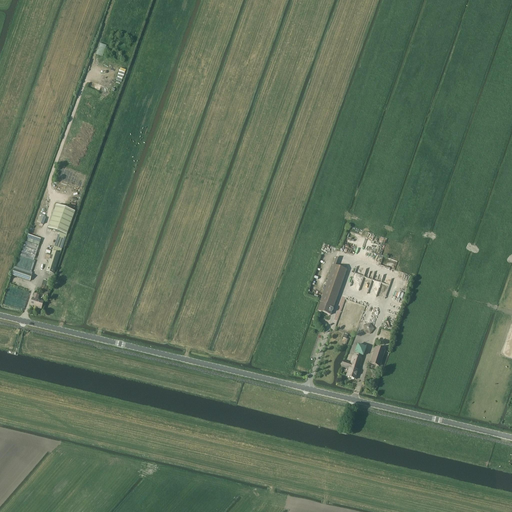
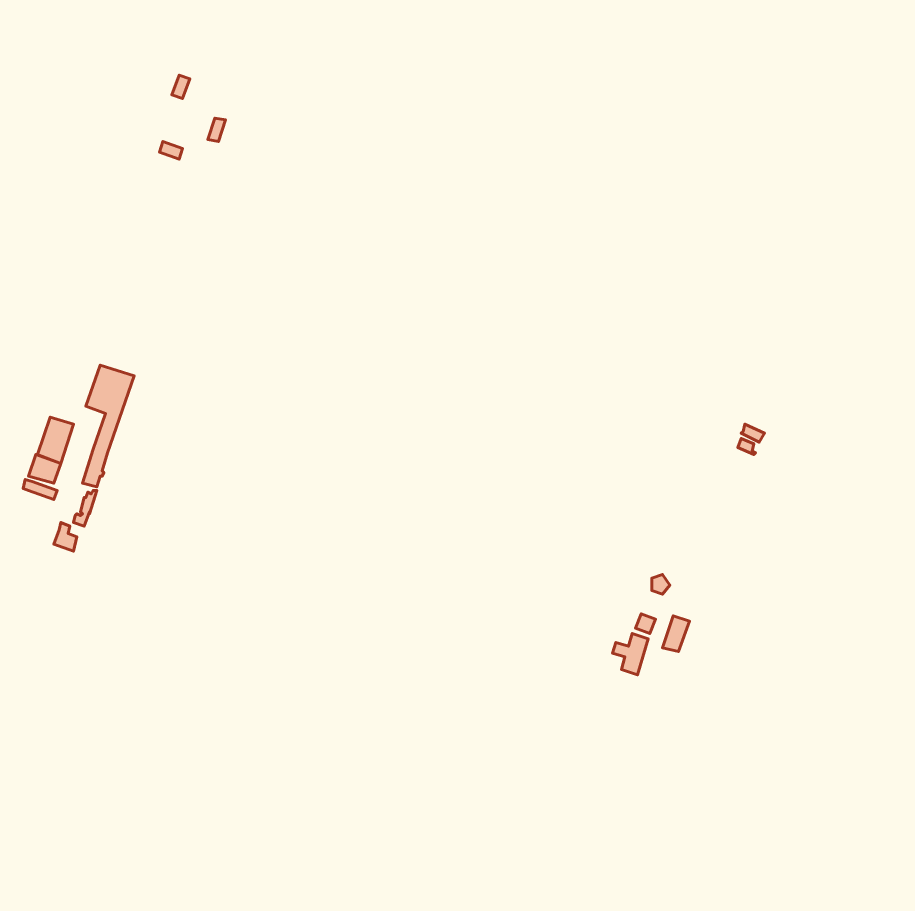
building: [317,264,345,313] -> none

